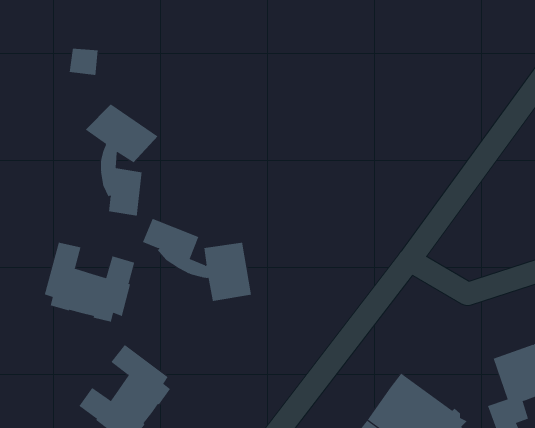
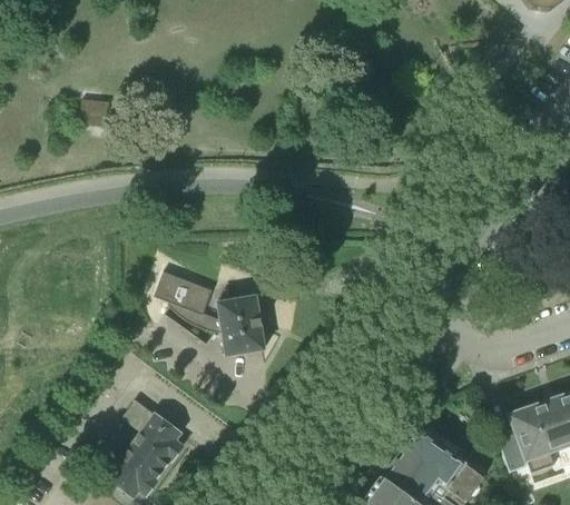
building: [85,104,158,216] -> none
building: [44,242,135,323] -> none

